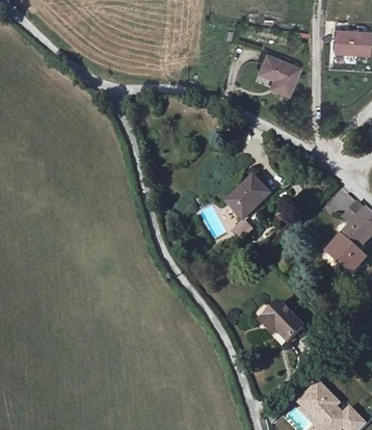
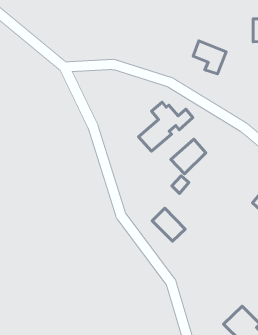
building: none -> [138,102,193,151]
building: [259,300,299,341] -> [152,208,185,241]

